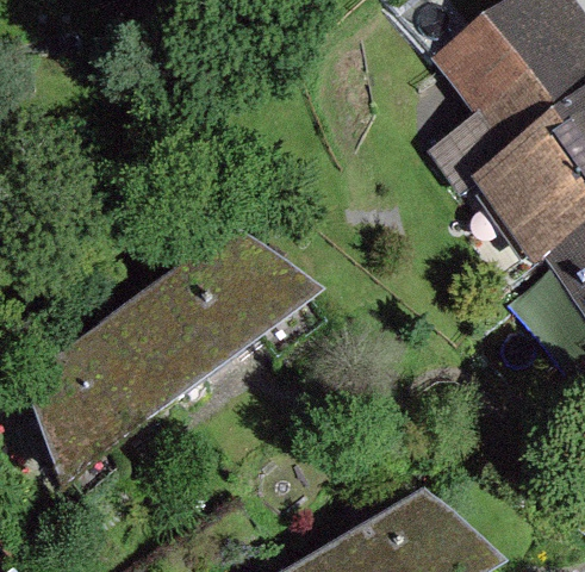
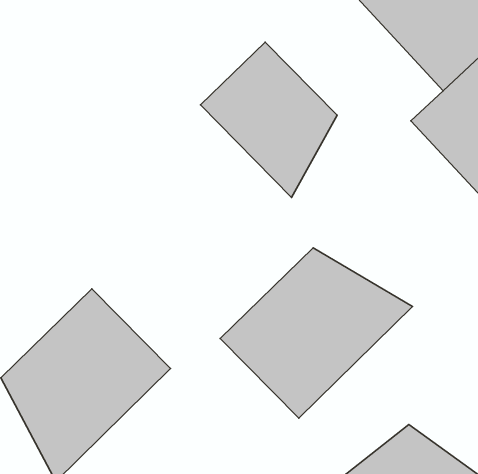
building: none -> [201,42,337,198]
building: [130,228,328,396] -> [220,248,413,418]

